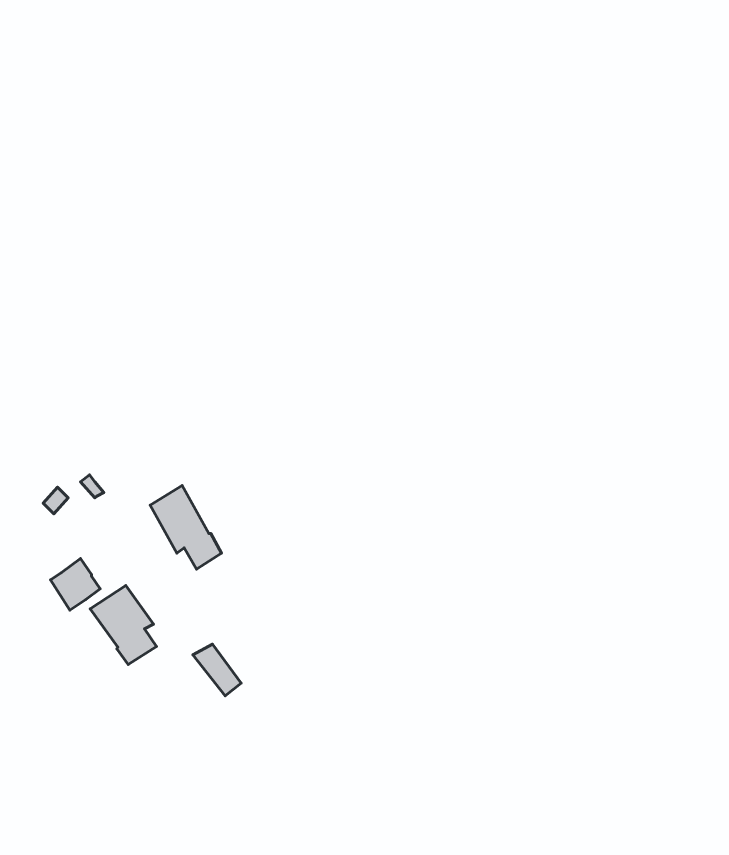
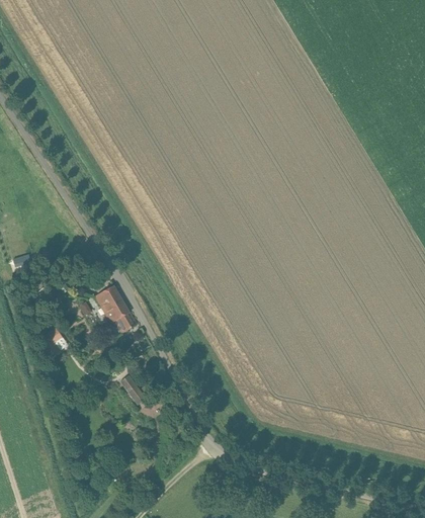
building: [90,586,157,664] -> none

